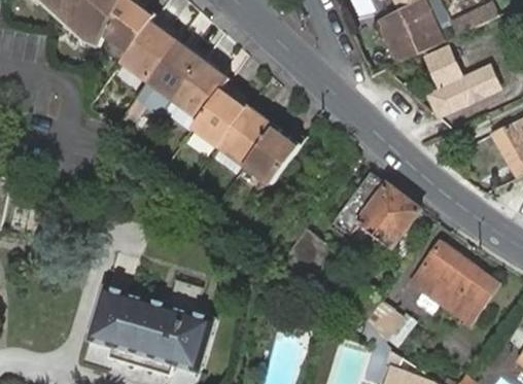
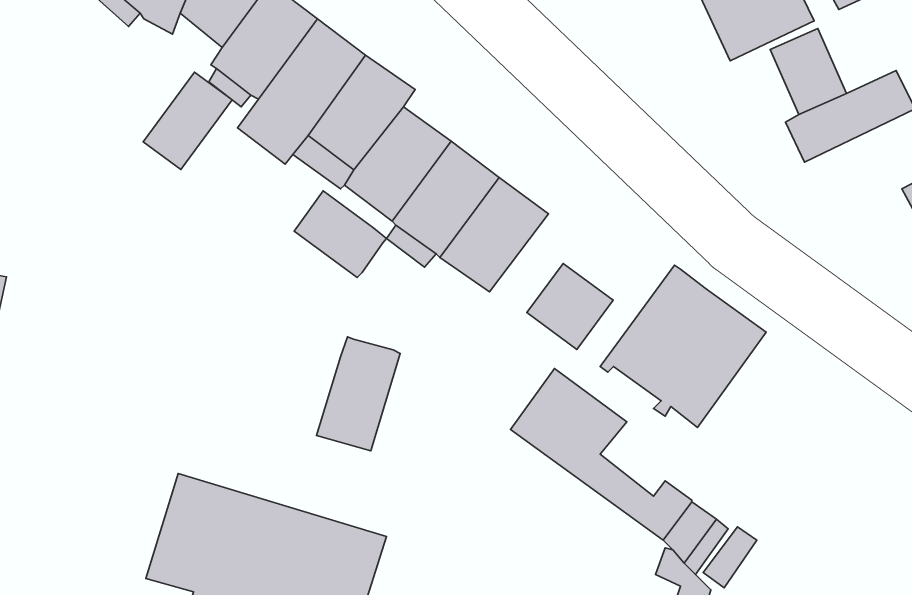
building: none -> [143,72,232,170]
building: none -> [294,191,386,277]
building: none -> [527,263,613,349]
building: none -> [317,337,400,451]
building: [411,241,491,323] -> none

